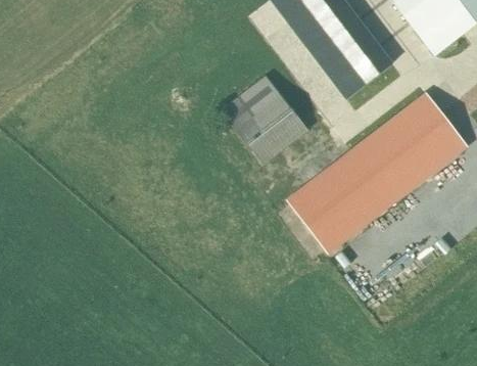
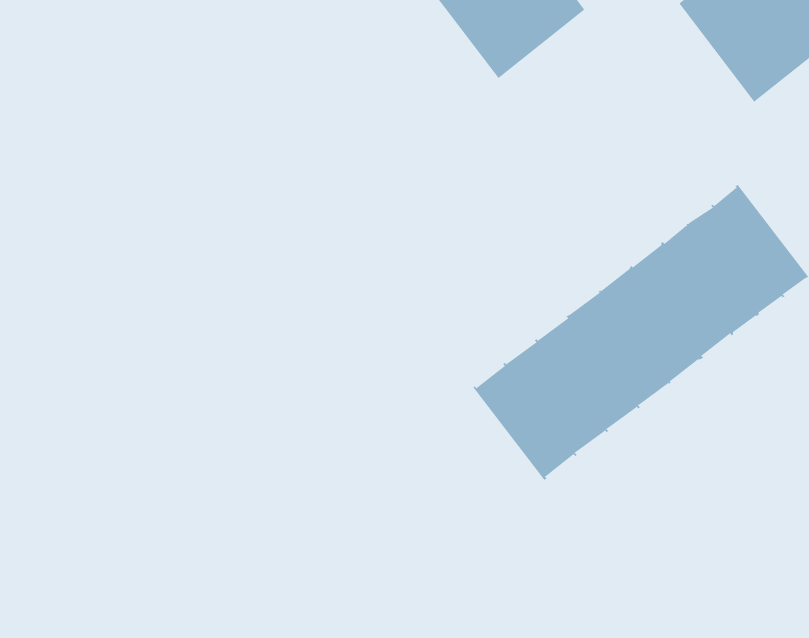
building: [304,6,392,98] -> none
building: [222,76,307,163] -> none

